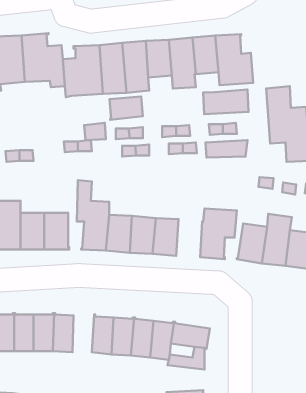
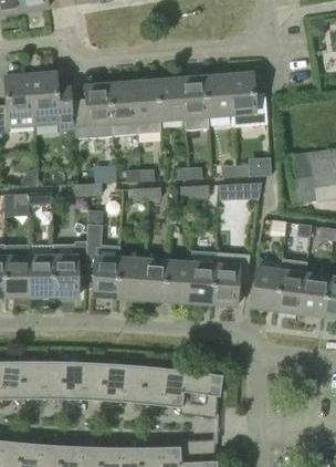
building: [203,89,248,114] -> none
building: [109,96,143,120] -> none
building: none -> [188,250,214,302]
building: none -> [82,361,104,399]

